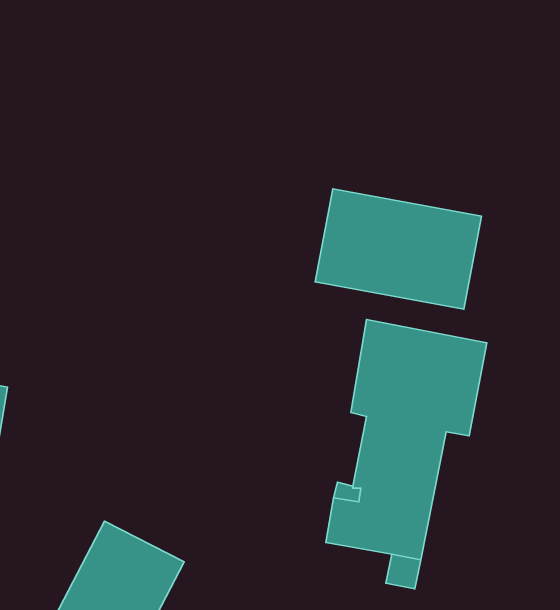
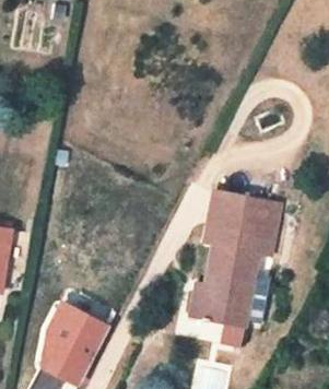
building: [315,189,482,309] -> none

